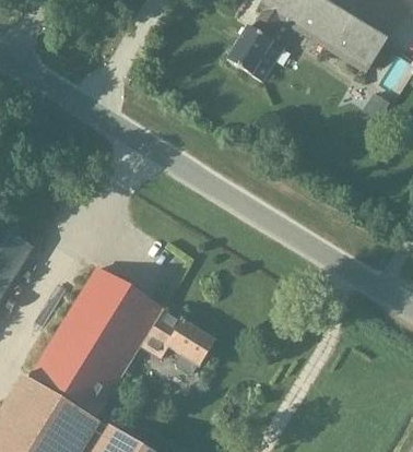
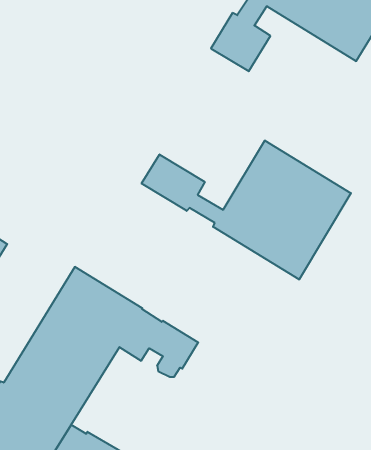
building: none -> [142,140,351,280]

